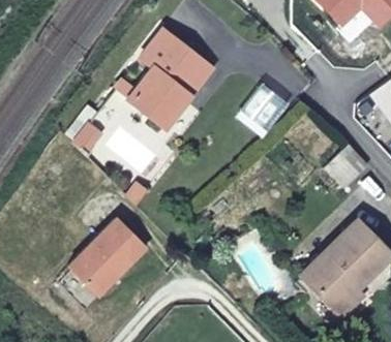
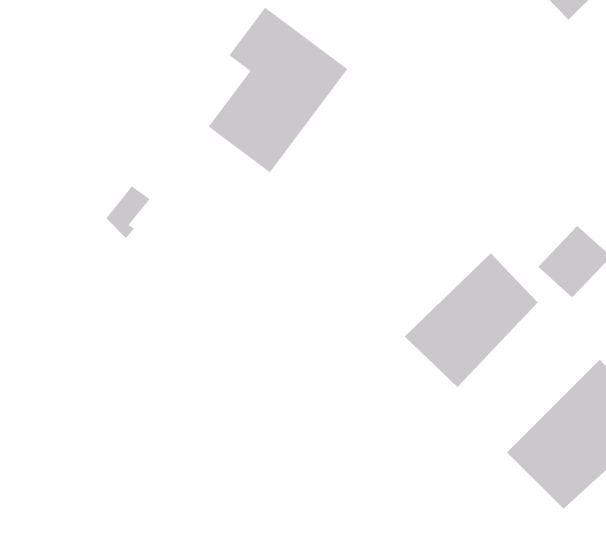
building: none -> [404,253,538,388]
building: [67,220,144,297] -> none

